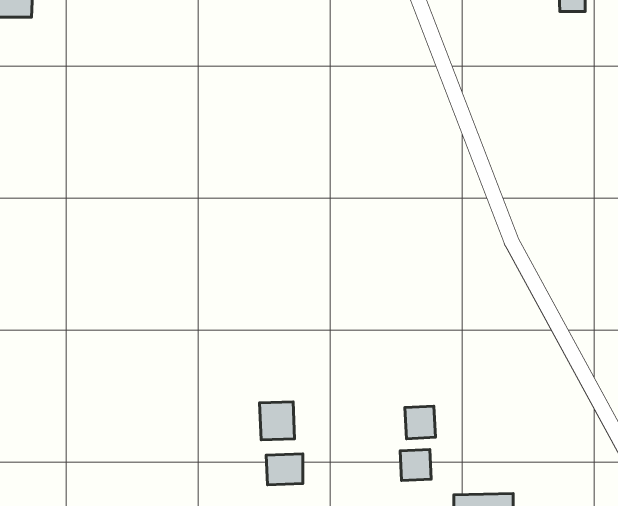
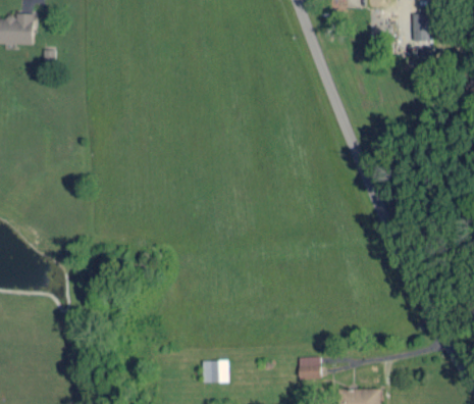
building: [260,402,294,440] -> none
building: [405,406,435,439] -> none

